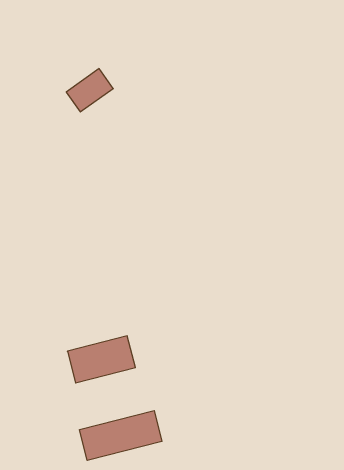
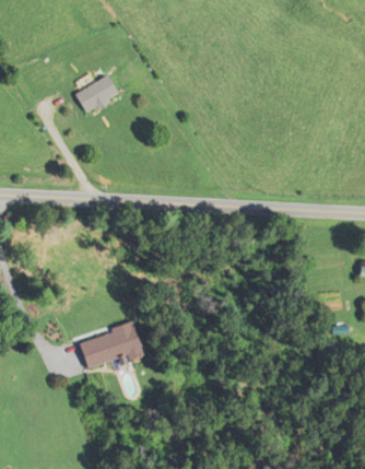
building: [80,411,162,460] -> none

